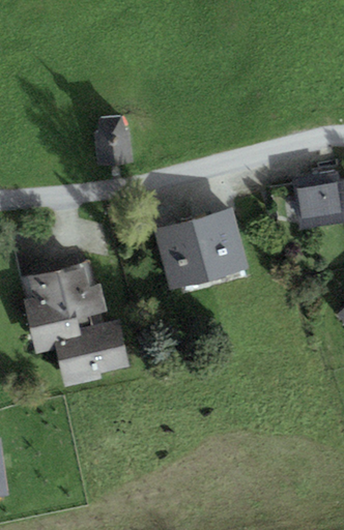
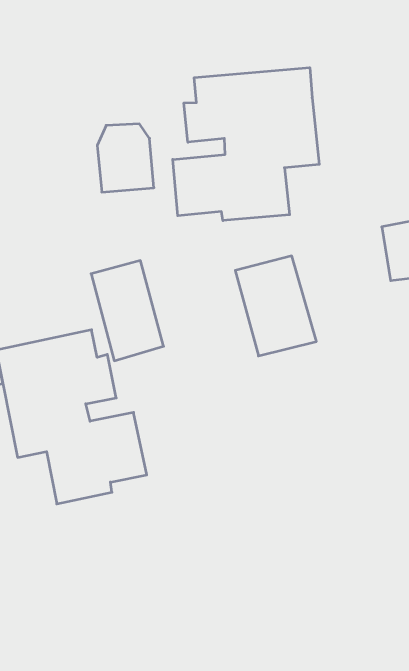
building: none -> [173,68,319,221]
building: [155,220,207,292] -> [91,261,164,361]

